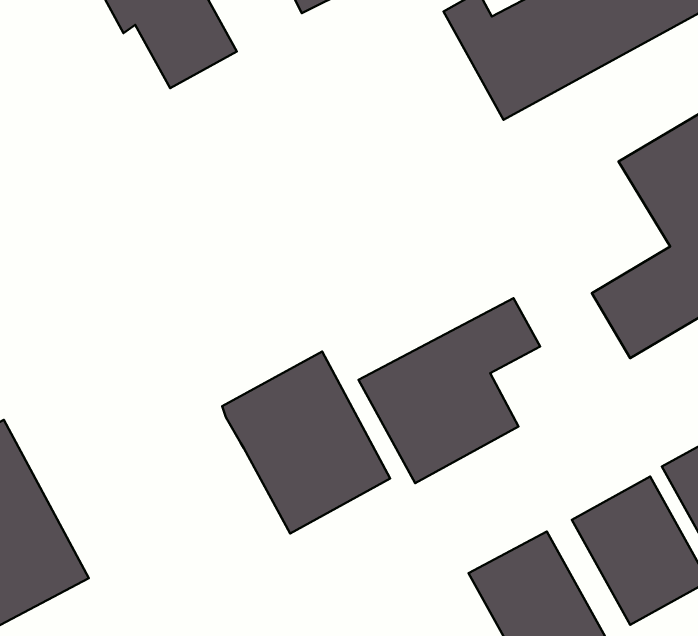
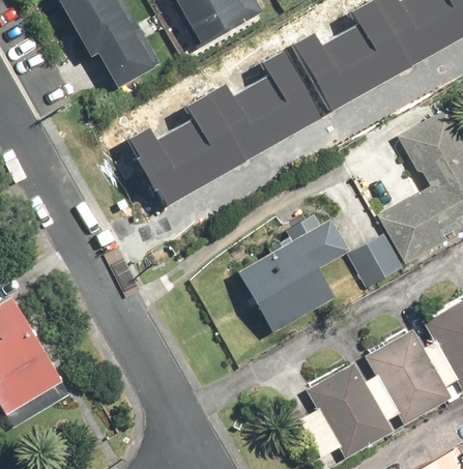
building: none -> [124,50,322,205]
building: none -> [348,236,402,288]
building: [222,351,390,534] -> none

